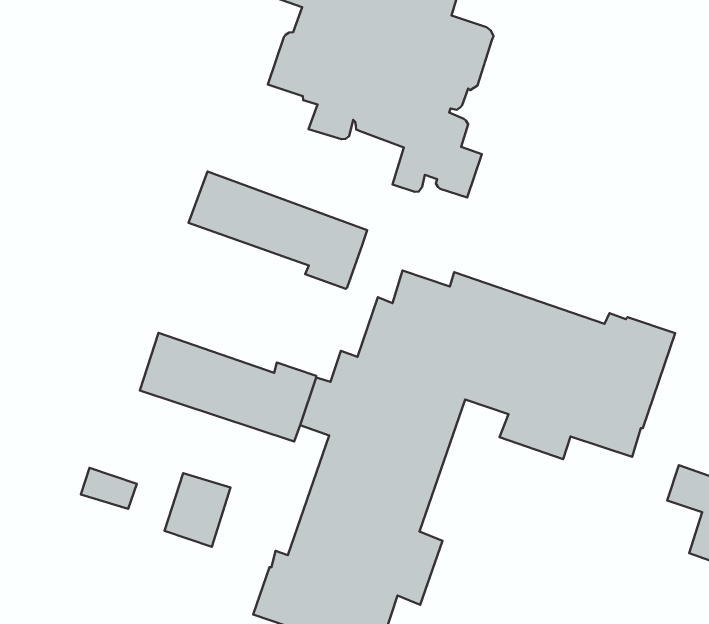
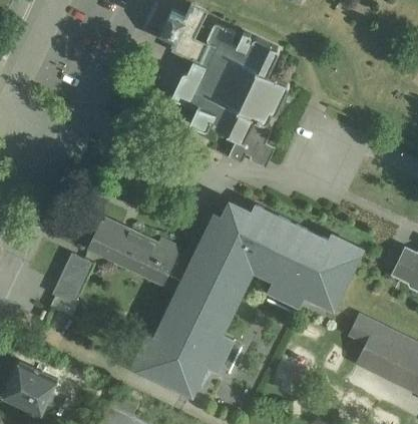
building: [189,172,367,289] -> none
building: [164,473,230,547] -> [58,255,94,294]

